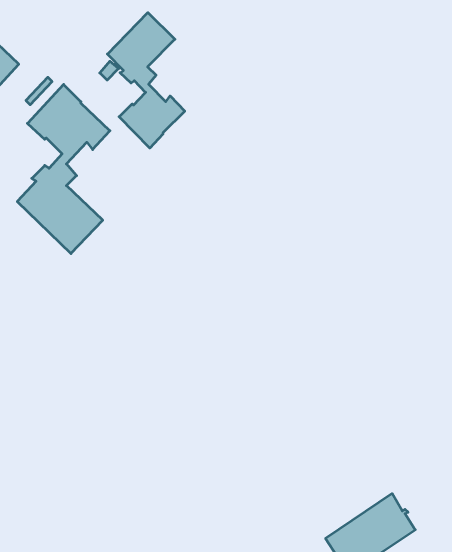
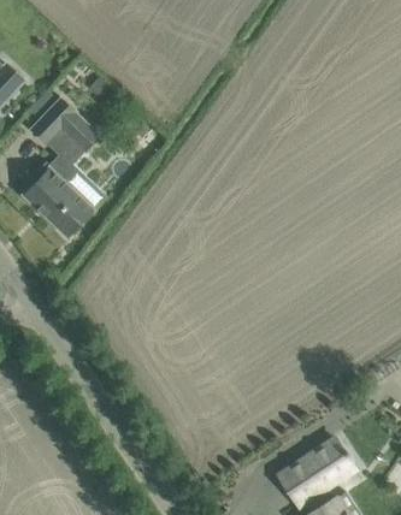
building: [107,13,185,148] -> none

